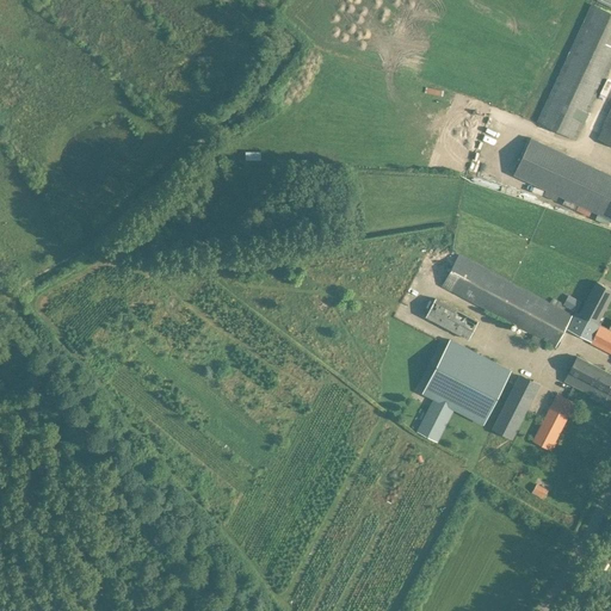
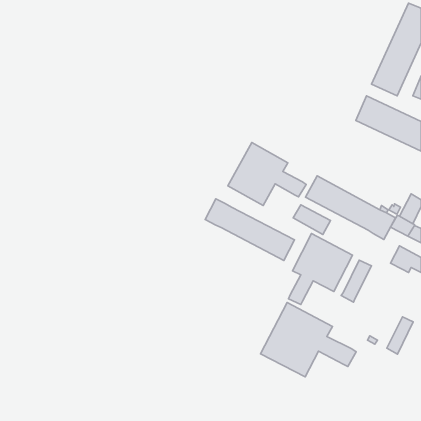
building: none -> [228,143,306,206]
building: none -> [205,199,294,261]
building: [535,395,573,449] -> [387,317,413,354]
building: none -> [261,302,356,377]

